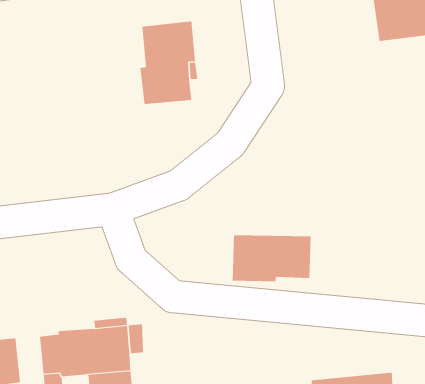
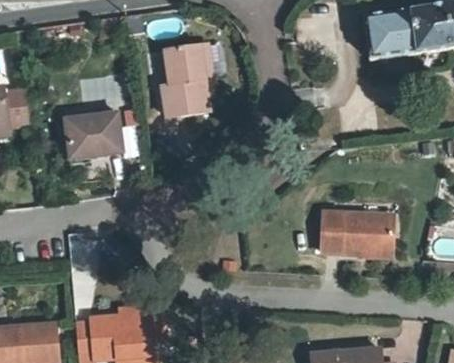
building: none -> [66,115,123,160]
building: [232,235,311,282] -> [324,213,393,254]

